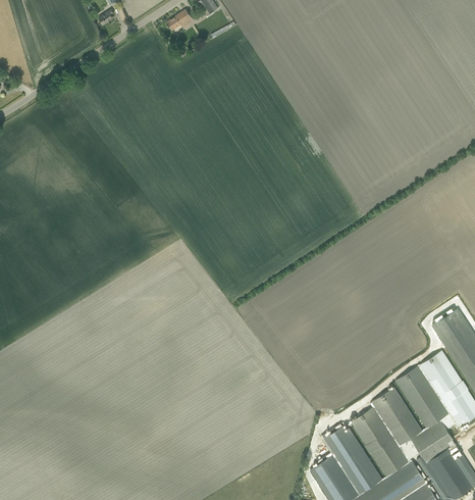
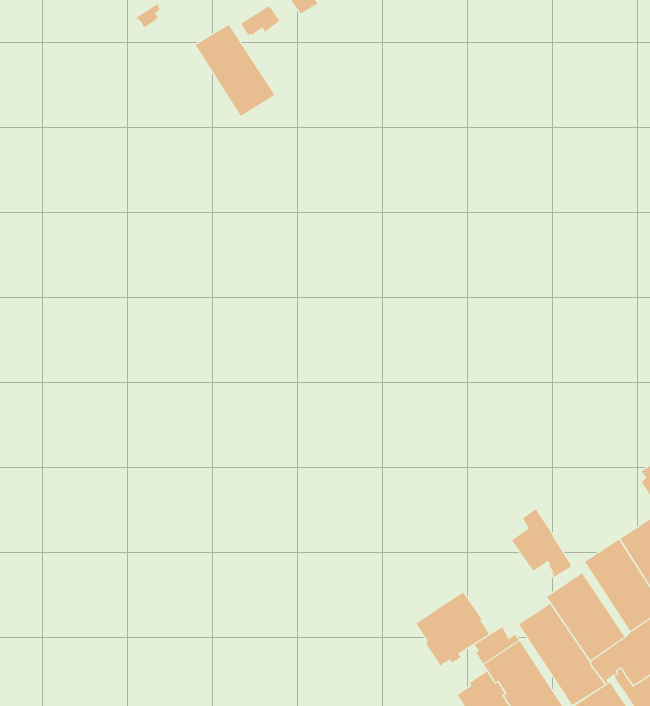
building: none -> [195,24,275,117]
building: none -> [511,508,572,578]
building: none -> [416,592,490,666]

